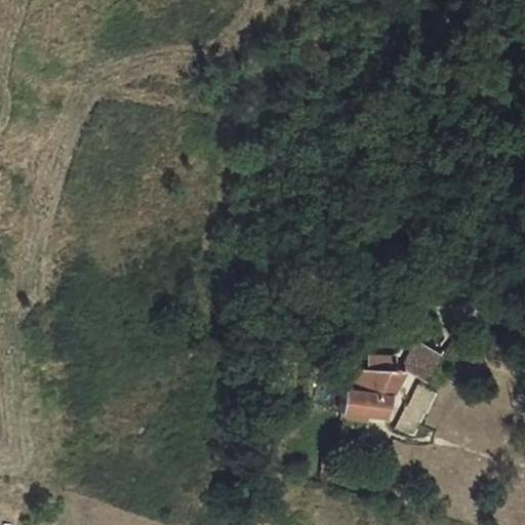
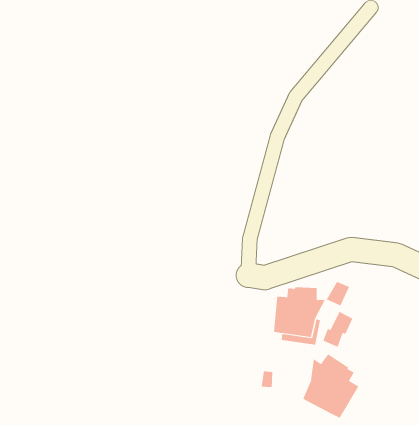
building: none -> [303,353,359,418]

